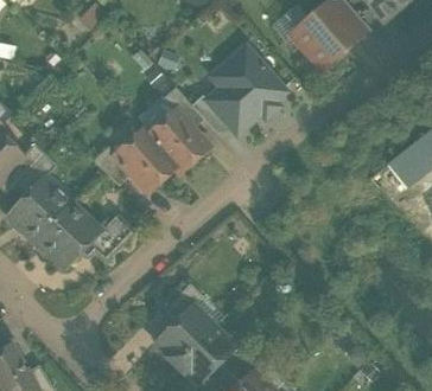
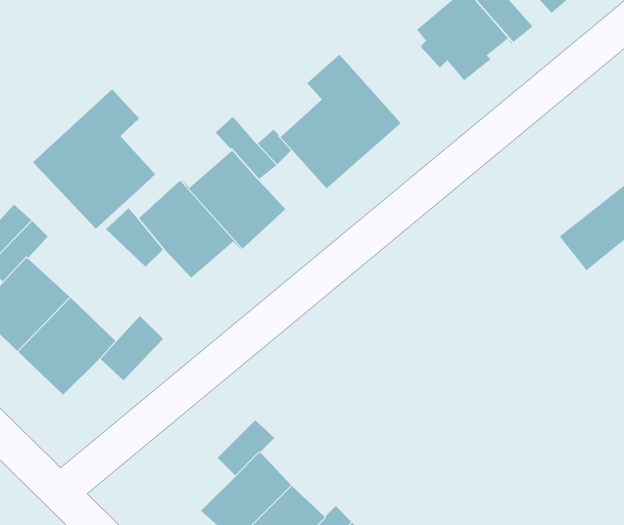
building: none -> [32,89,157,230]

